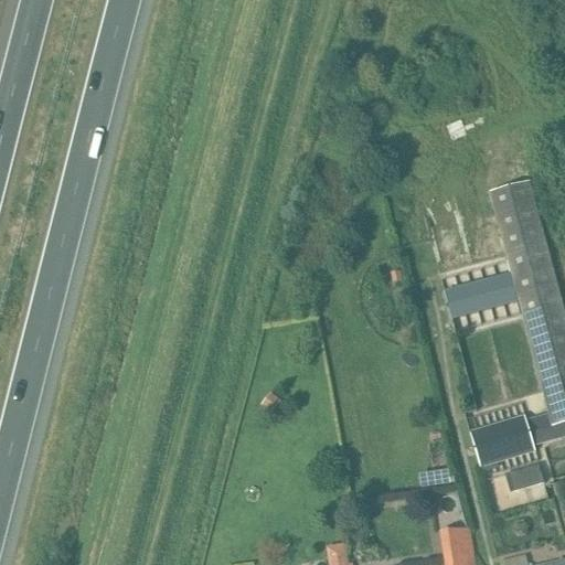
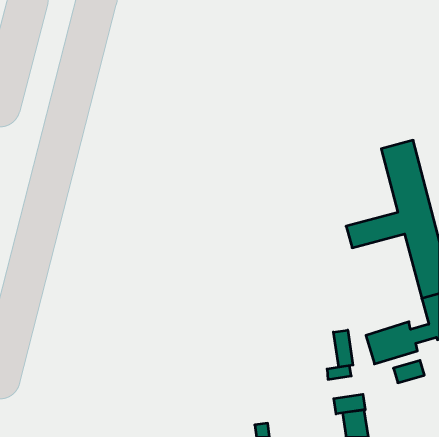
building: none -> [333,330,353,367]
building: none -> [334,394,365,414]

